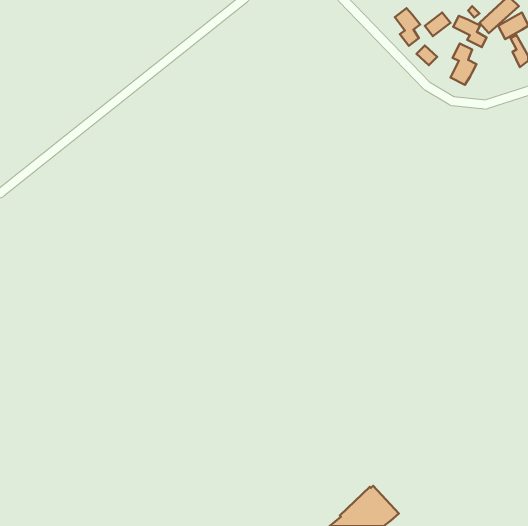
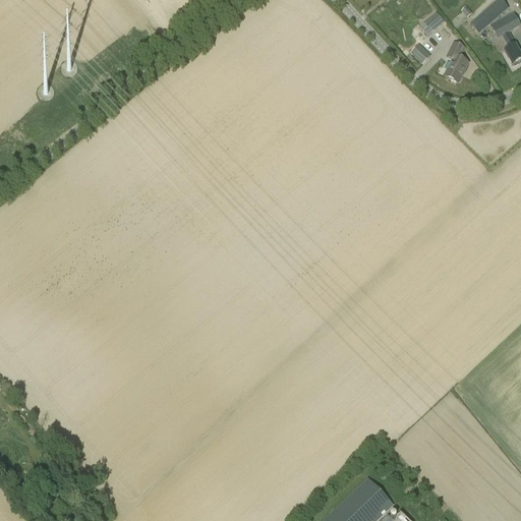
building: [395,8,420,46] -> none
building: [453,16,487,47] -> none

